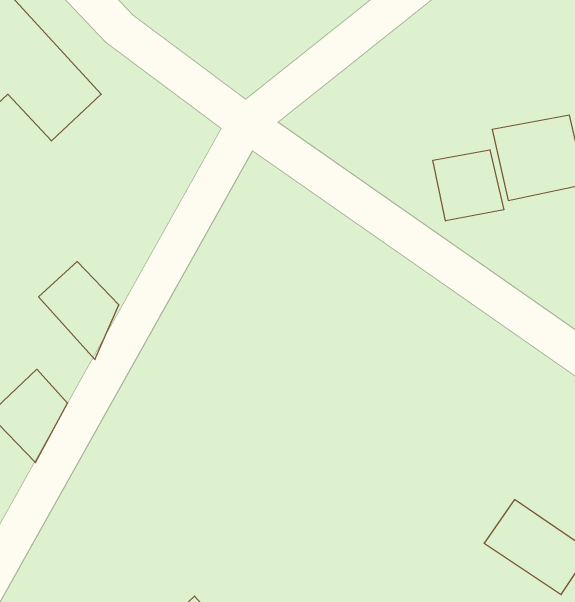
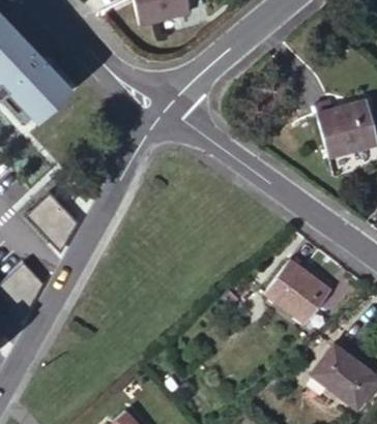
building: [433,150,504,221] -> none
building: none -> [264,262,328,323]

